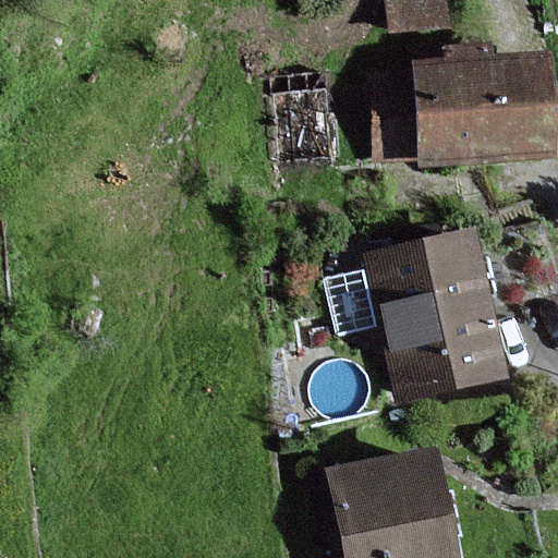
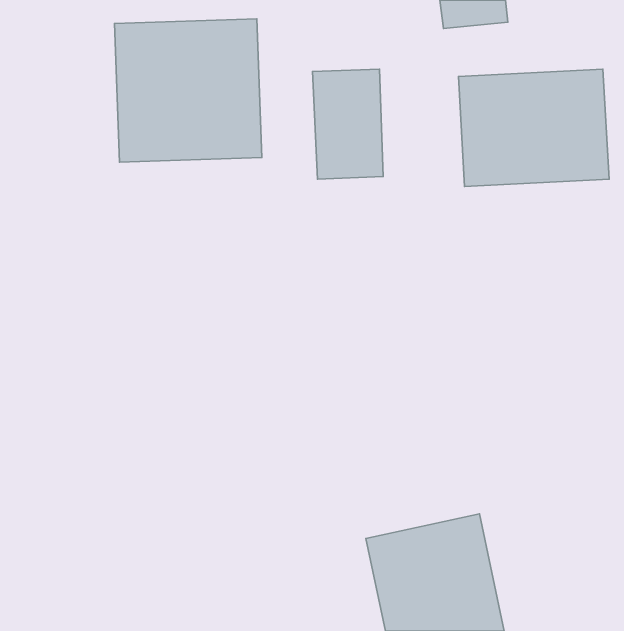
building: none -> [114,19,262,162]
building: [363,230,506,401] -> none

